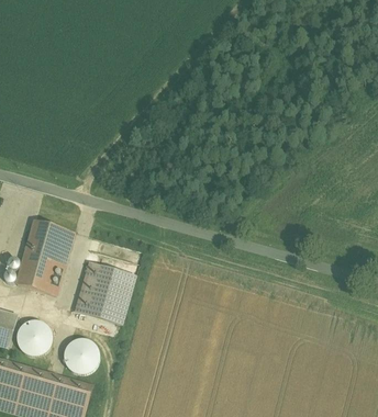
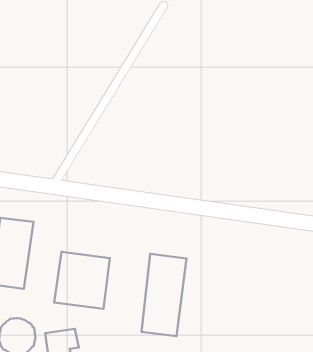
building: none -> [141,254,187,336]

